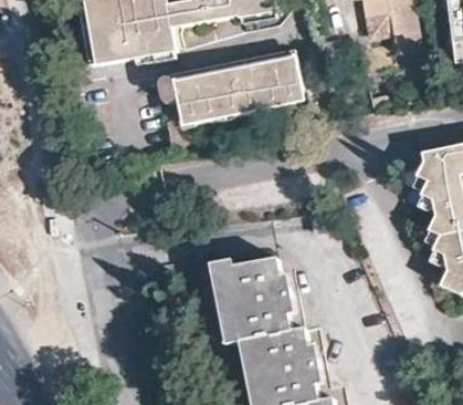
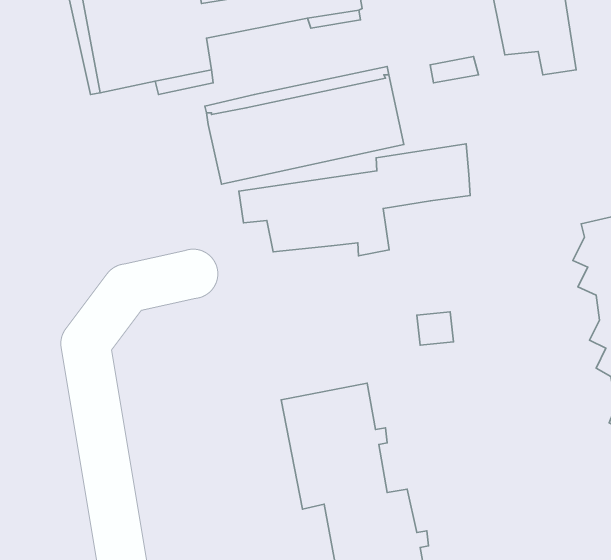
building: none -> [239,144,470,256]

